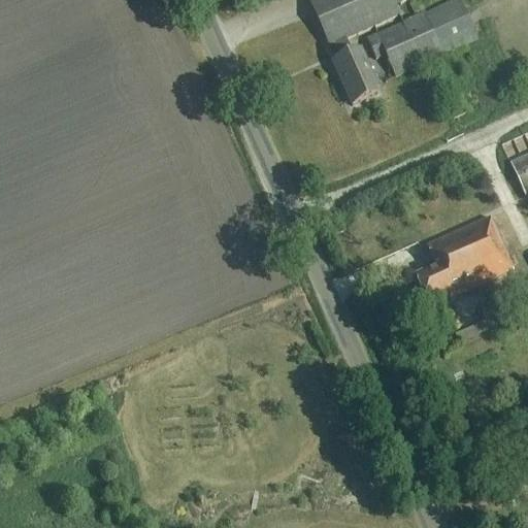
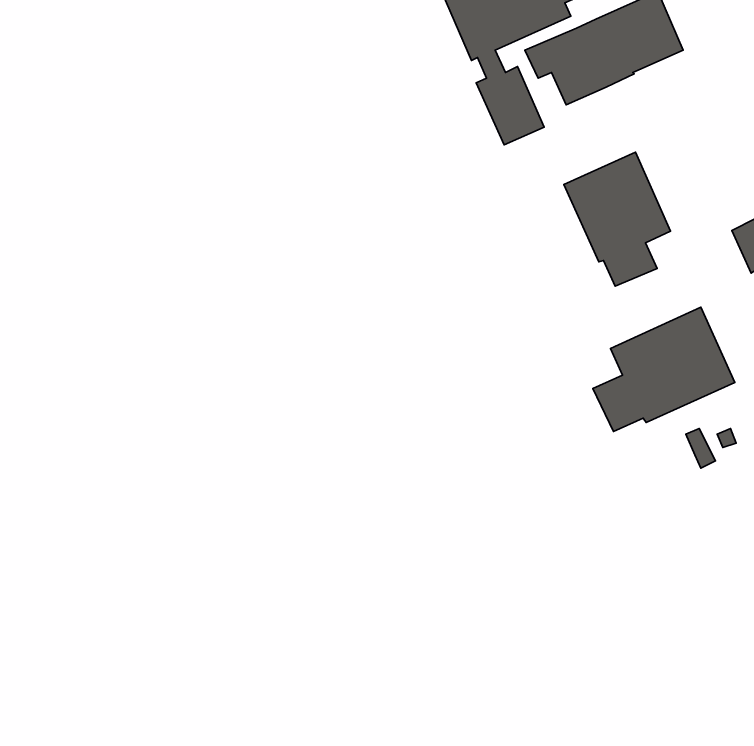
building: none -> [564,152,671,286]

